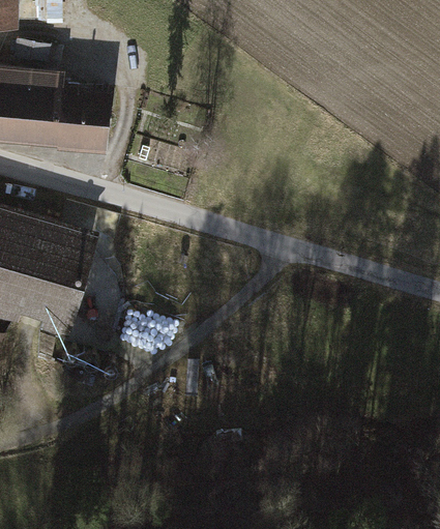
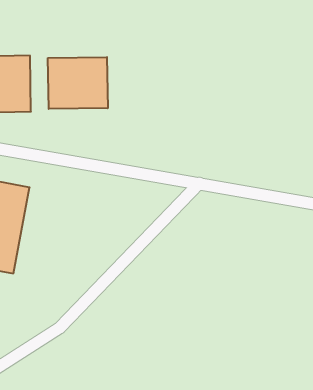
building: none -> [48,57,108,109]

